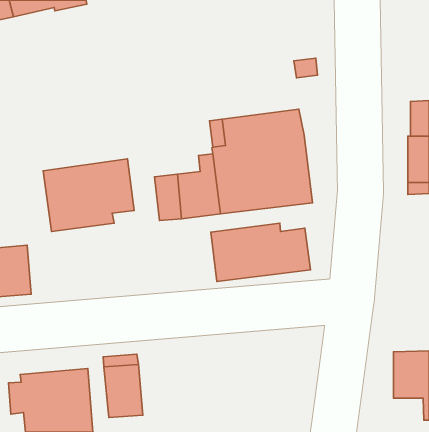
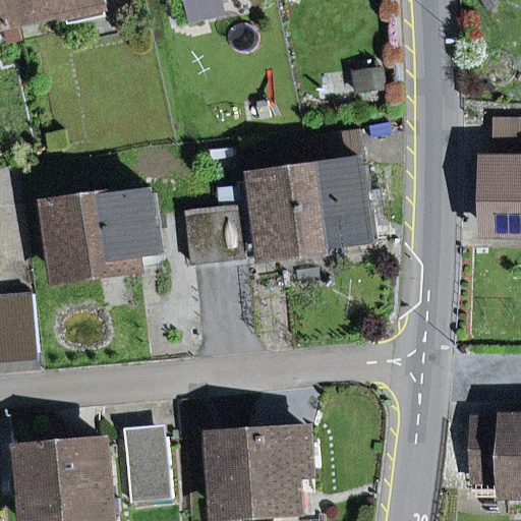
building: [211,223,310,282] -> none
building: none -> [217,433,311,515]

